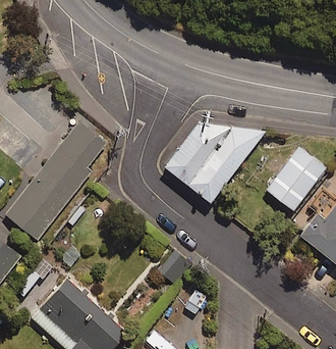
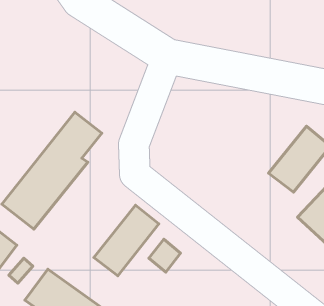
building: [167,102,269,204] -> none
building: none -> [94,205,159,276]

